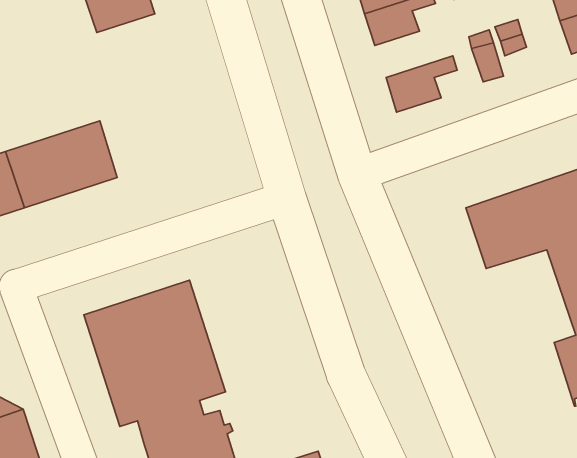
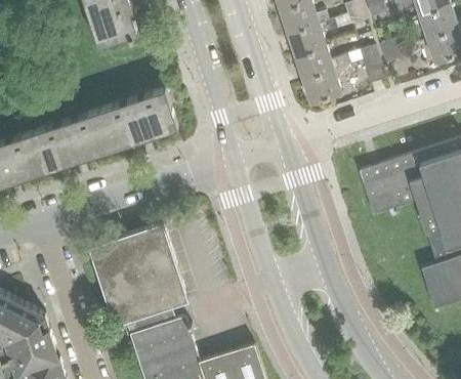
building: none -> [294,47,349,80]
building: none -> [99,89,178,151]

